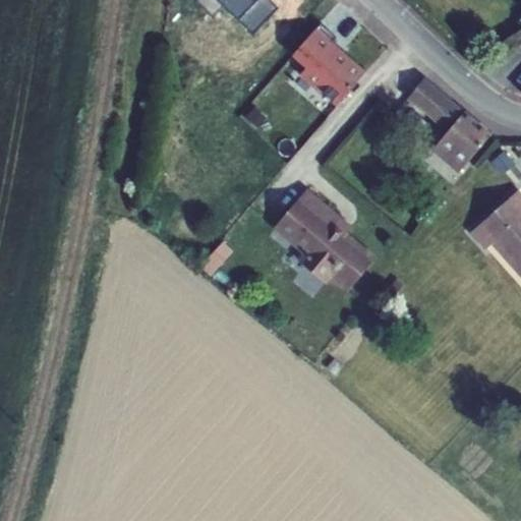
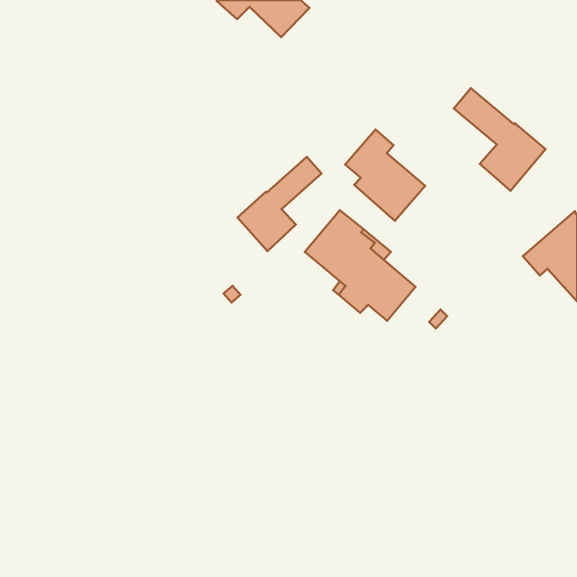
building: [293,22,365,105] -> [345,129,425,221]
building: none -> [238,157,321,251]

